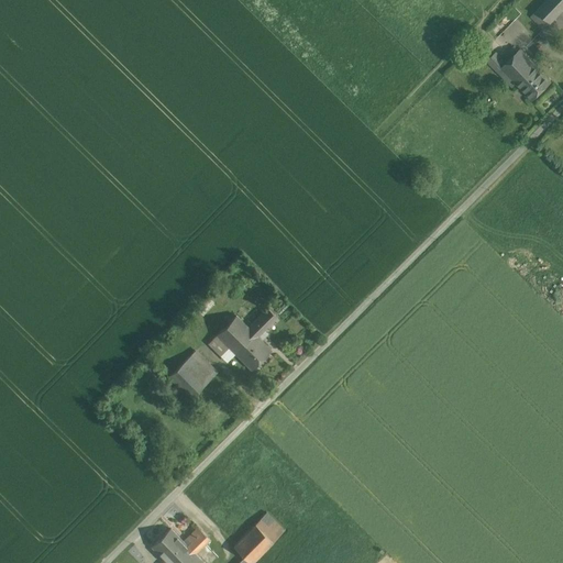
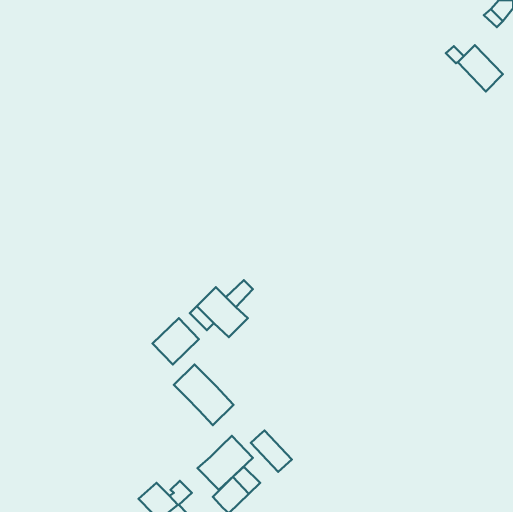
building: none -> [174,364,233,425]
building: none -> [251,431,292,472]
building: none -> [198,436,253,490]

